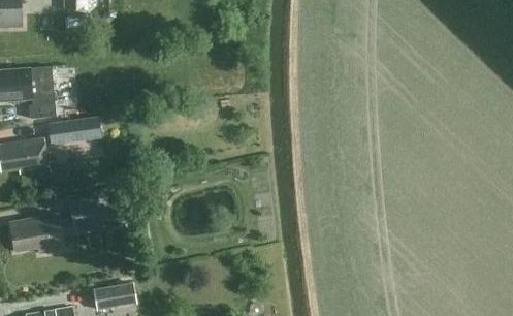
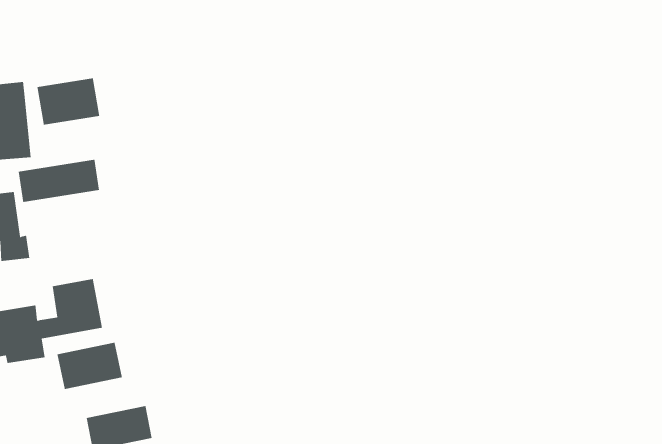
building: none -> [37,77,100,126]
building: none -> [57,342,123,390]

